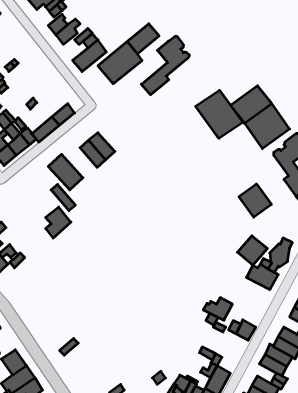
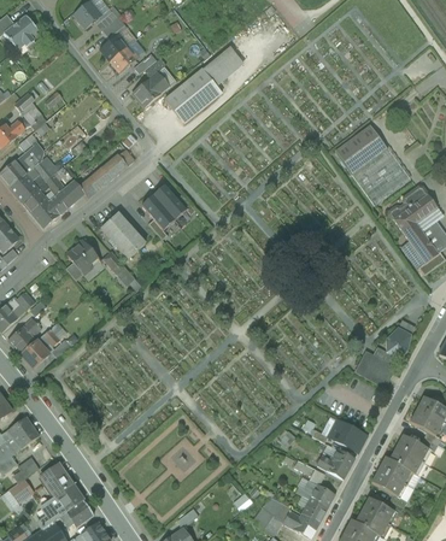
building: [141,36,189,95] -> none
building: [196,90,243,138] -> none
building: [239,184,271,217] -> none
building: [46,207,71,238] -> [66,240,99,280]
building: [237,236,267,265] -> none
building: [203,298,232,320] -> [316,448,353,477]

